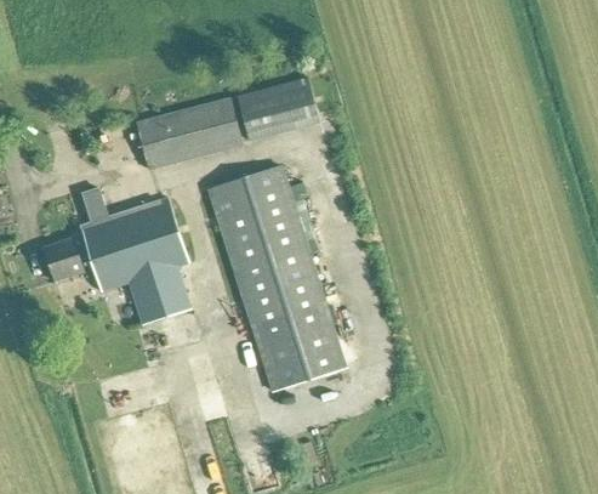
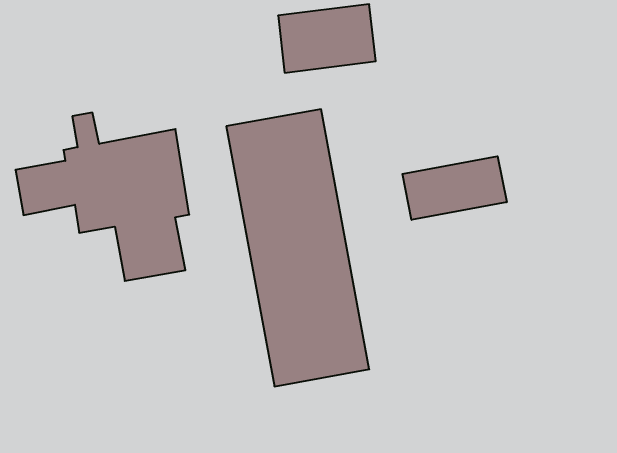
building: [136,98,241,169] -> none
building: none -> [402,156,507,220]

